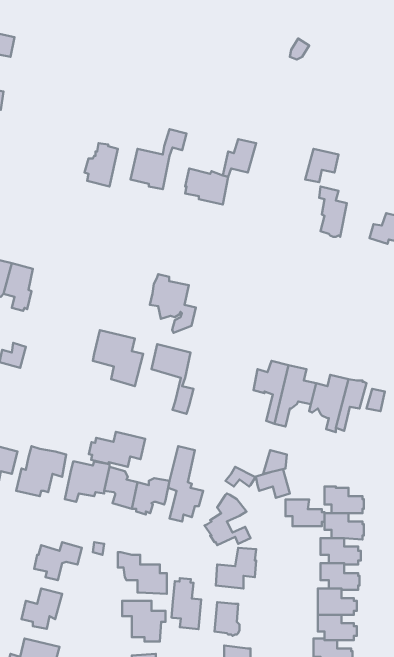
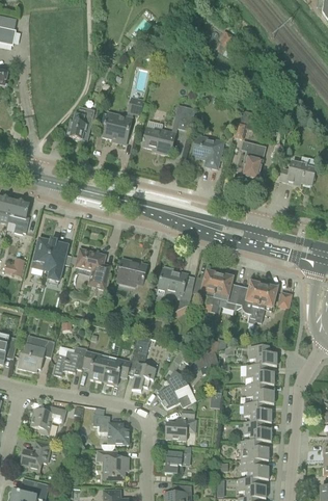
building: none -> [192,135,223,167]
building: [150,274,196,333] -> [158,265,192,309]
building: none -> [30,238,71,280]
building: [89,432,145,467] -> none
building: [285,500,324,526] -> [249,345,278,365]
building: [171,578,201,629] -> none

